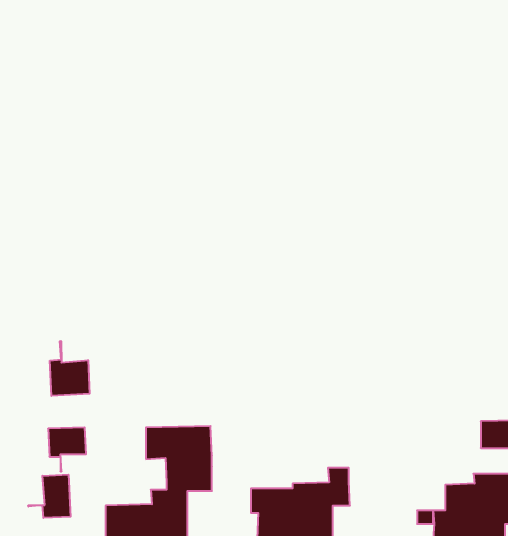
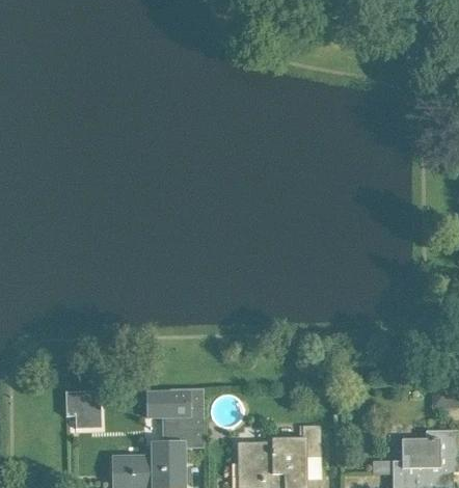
building: [50,341,90,396] -> none
building: [28,475,71,518] -> none

